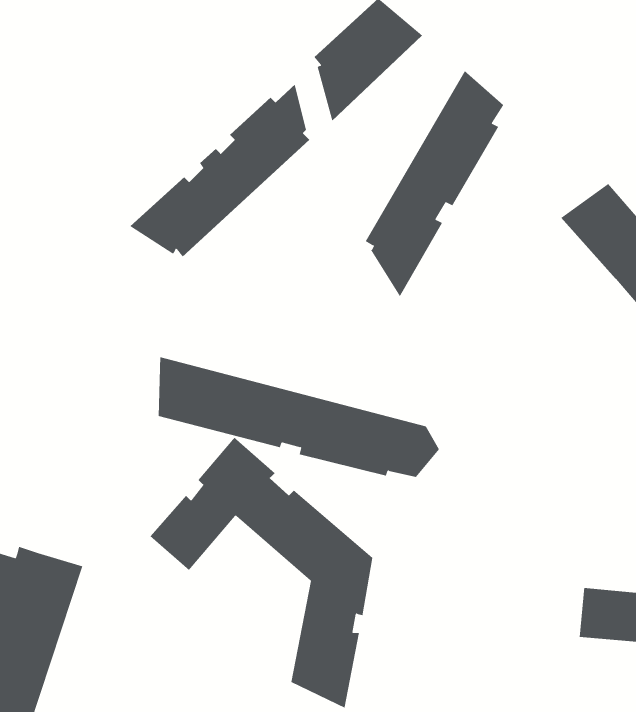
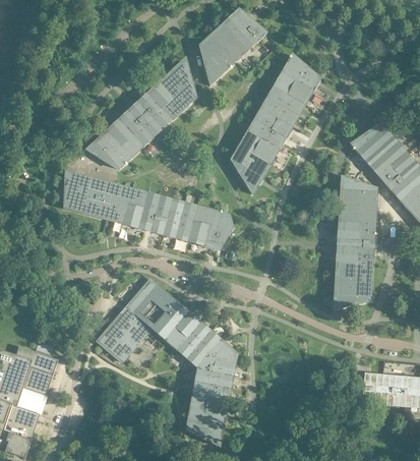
building: none -> [334,175,376,308]
building: [158,357,440,478] -> [63,170,236,244]

